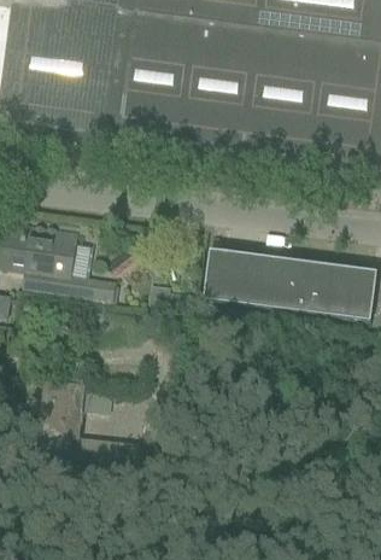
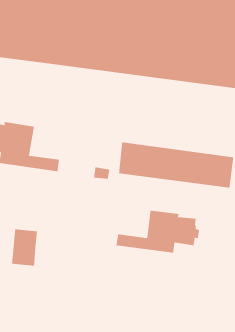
building: none -> [116,210,200,253]

